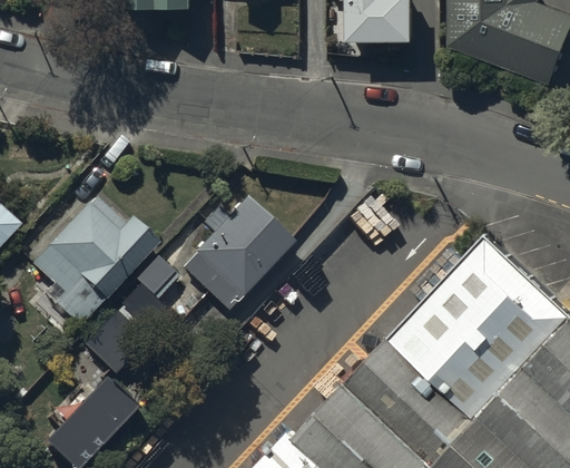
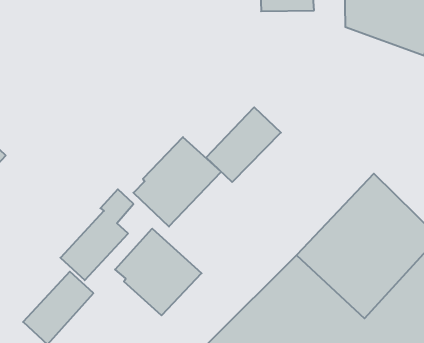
building: none -> [206,107,281,182]
building: [30,193,155,316] -> none
building: none -> [115,229,202,315]

